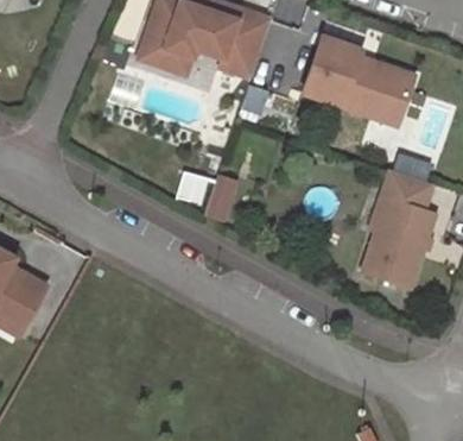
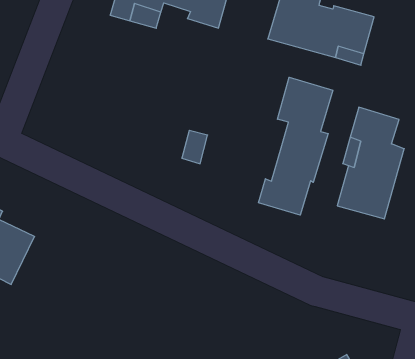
building: none -> [258,77,333,215]

